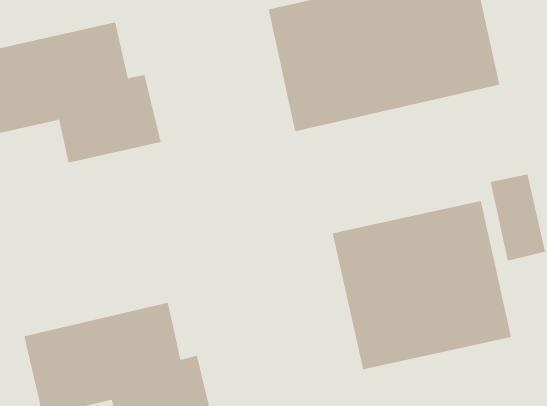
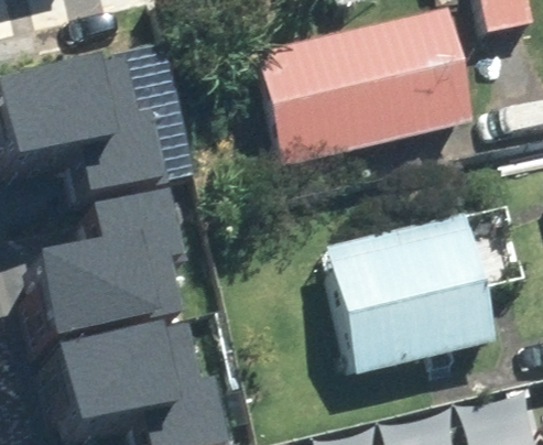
building: none -> [23,185,181,338]

